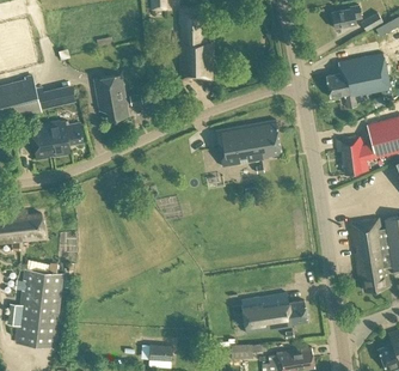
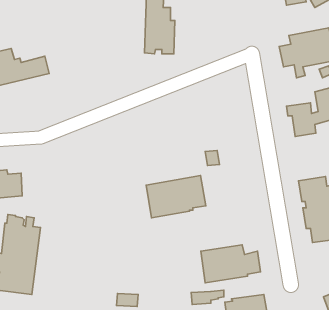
building: [94,74,142,120] -> none
building: [31,121,80,159] -> none
building: [216,121,282,168] -> [146,175,206,218]

